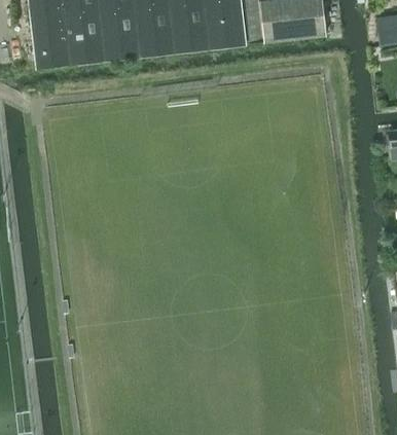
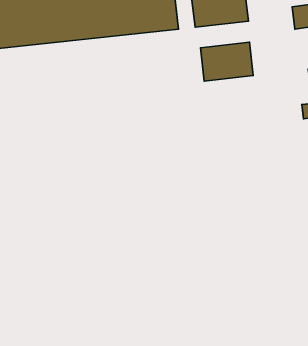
building: none -> [200,42,253,81]

